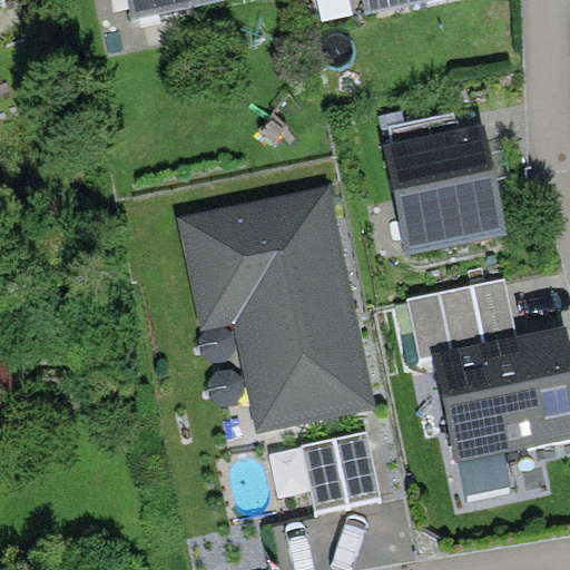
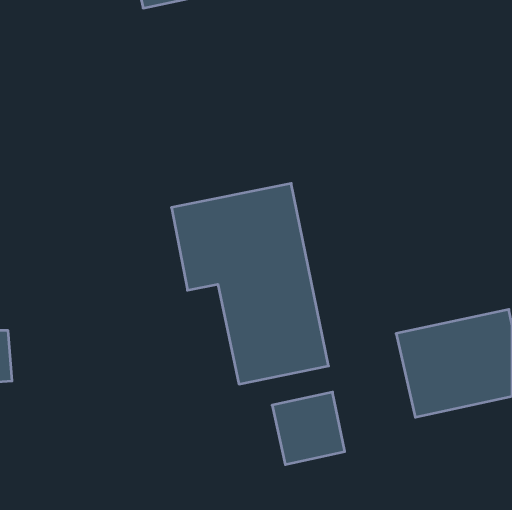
building: [383,115,497,250] -> none
building: [406,281,518,363] -> none

